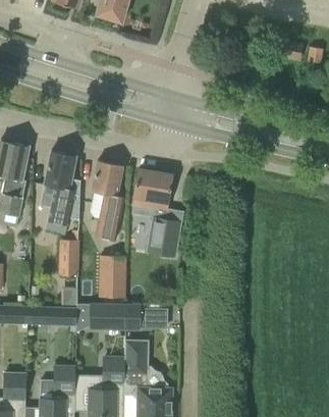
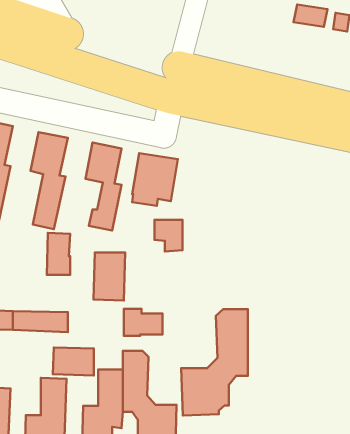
building: [90,303,125,327] -> [53,347,94,375]
building: none -> [181,309,248,416]

